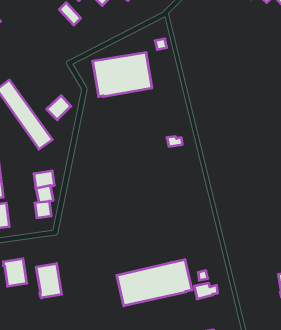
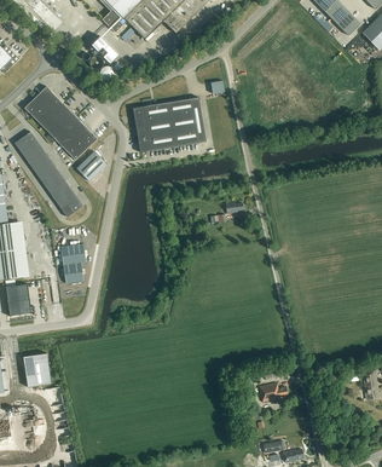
building: none -> [23,86,97,160]
building: [117,259,192,306] -> none
building: [36,263,62,298] -> none

